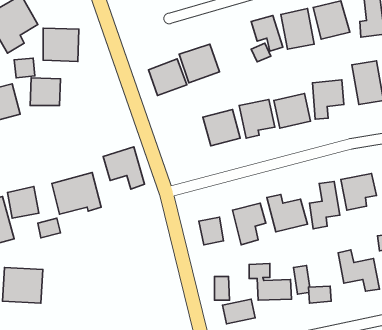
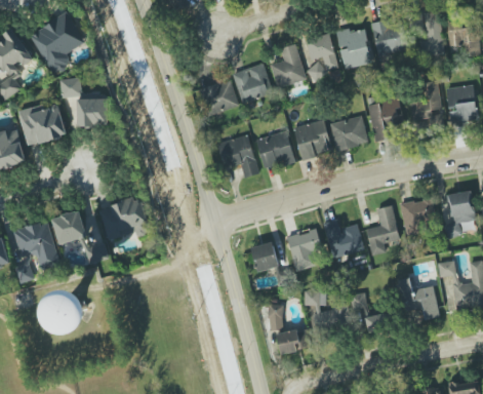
building: none -> [270,43,305,86]
building: [43,28,79,61] -> none
building: [103,147,145,189] -> [215,133,258,178]

